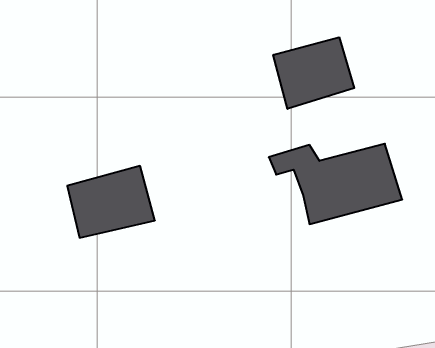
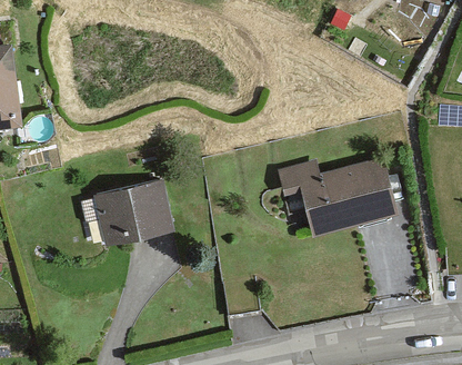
building: [273,37,354,109] -> none

